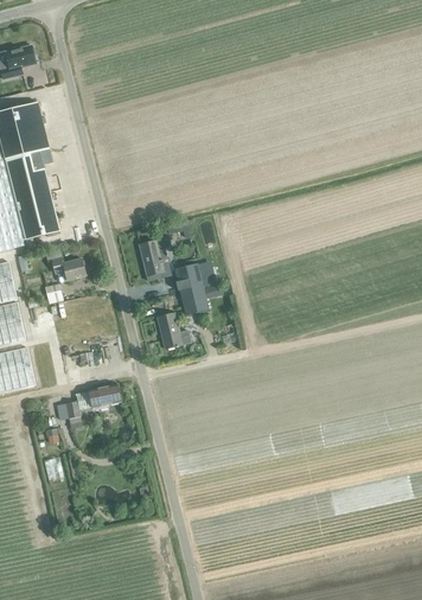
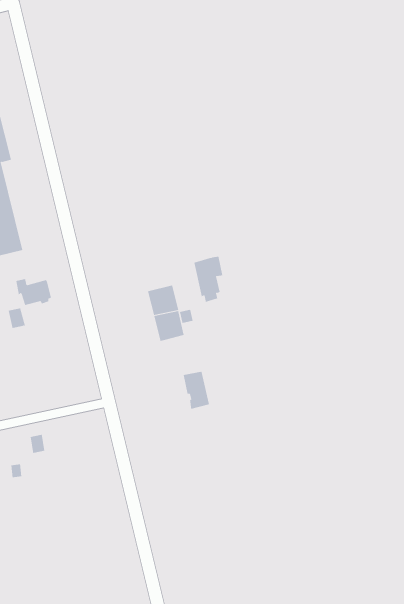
building: [139,238,166,281] -> [194,256,223,302]
building: [156,313,181,349] -> [183,371,210,410]
building: [89,384,120,409] -> none

